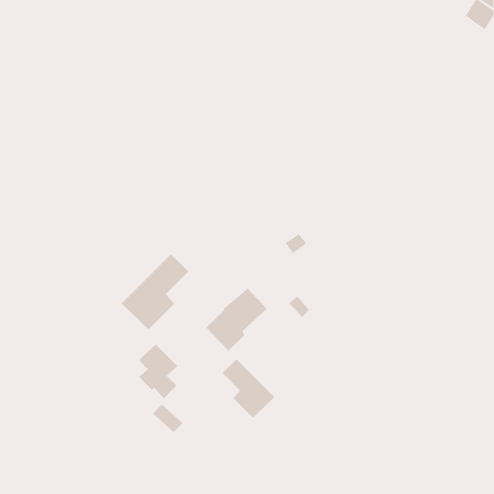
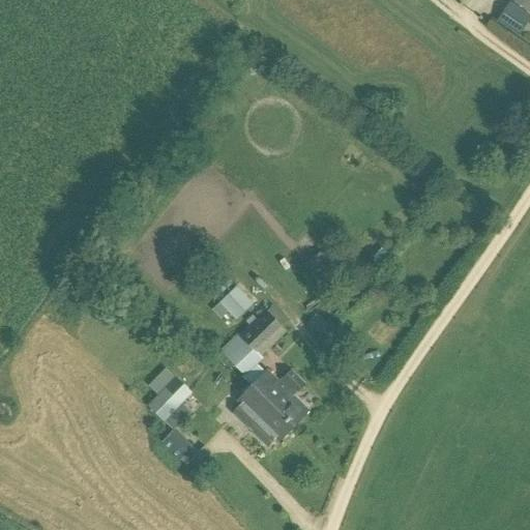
building: [121,253,189,330] -> none
building: none -> [212,287,251,319]
building: none -> [253,369,308,424]

